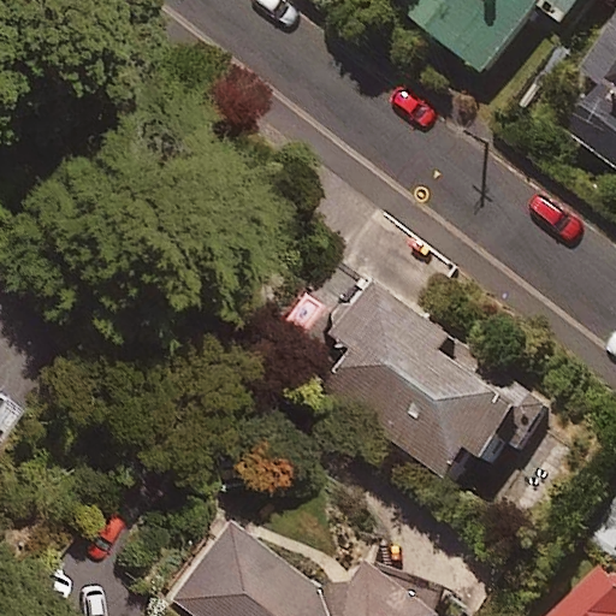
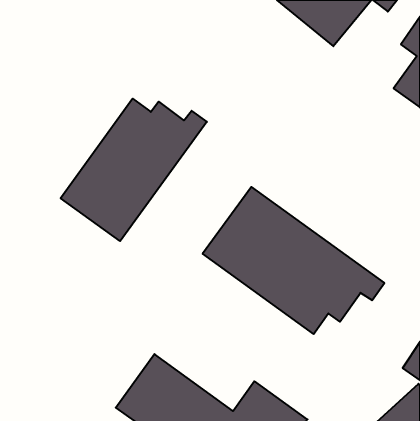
building: none -> [61,99,207,241]

